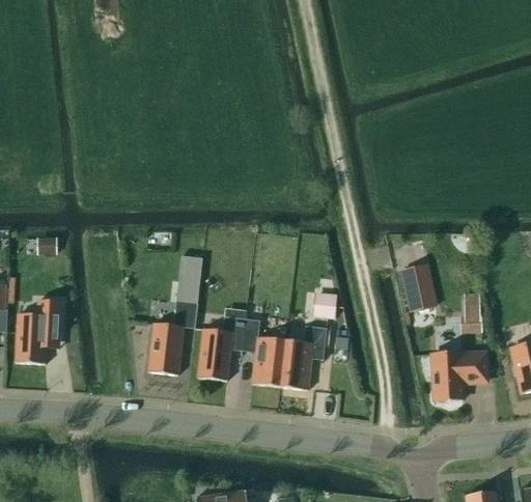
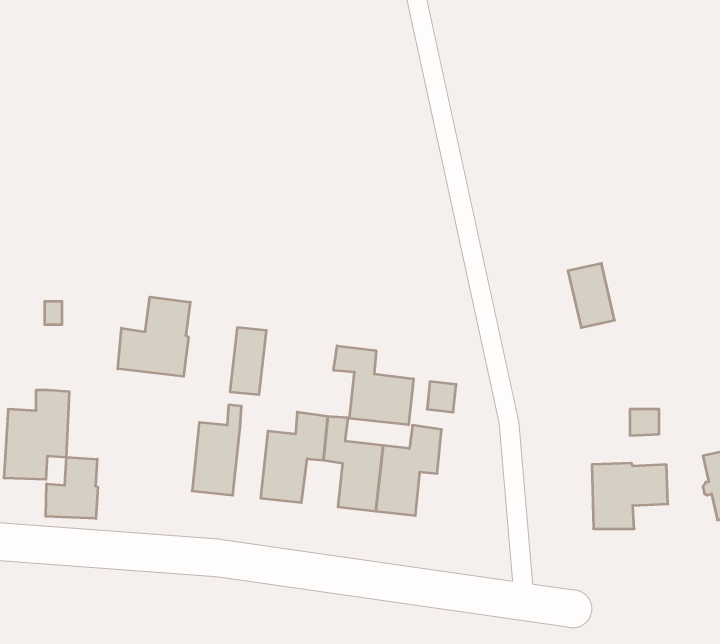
building: none -> [118,297,190,376]
building: [402,264,436,310] -> [568,263,615,328]
building: none -> [334,346,413,425]
building: none -> [46,457,98,519]

